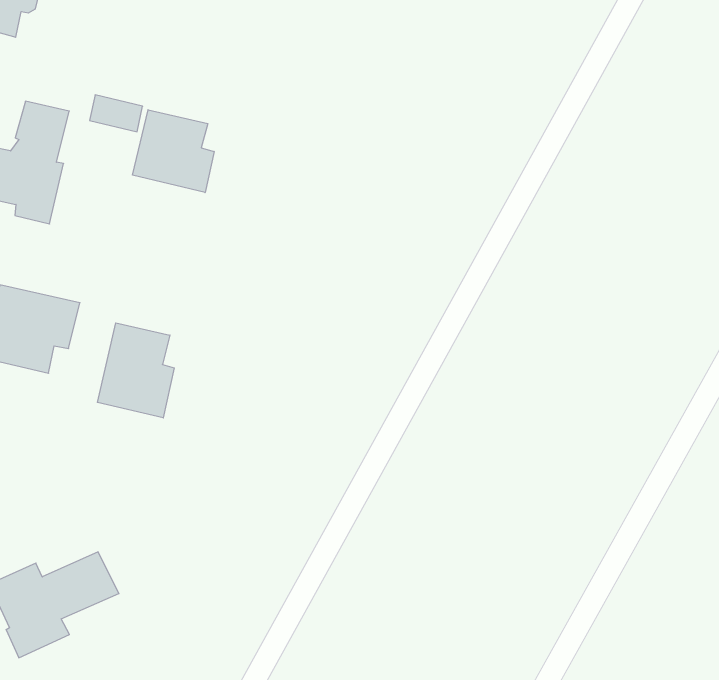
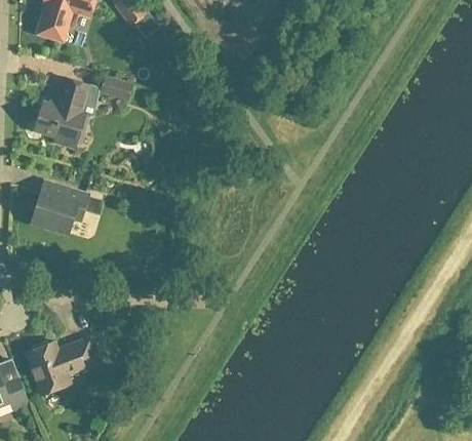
building: [133,110,214,193] -> none
building: [97,323,174,418] -> none

